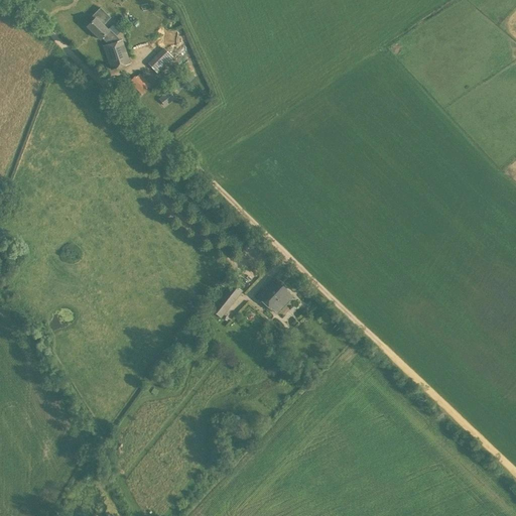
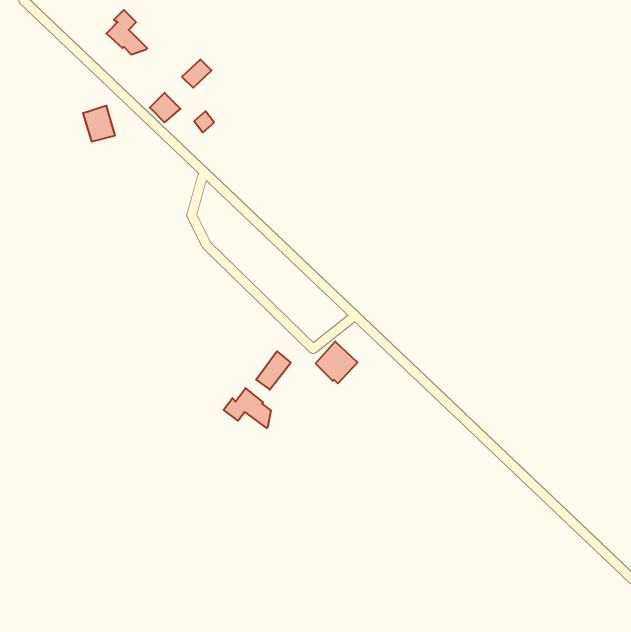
building: [104,39,130,69] -> [83,106,115,142]
building: none -> [224,388,271,428]

